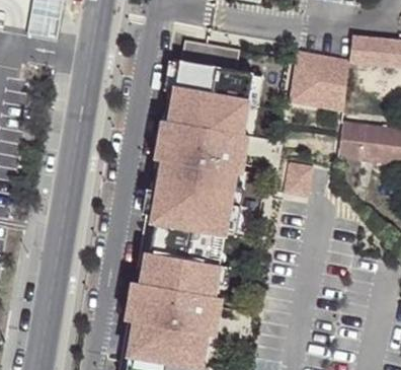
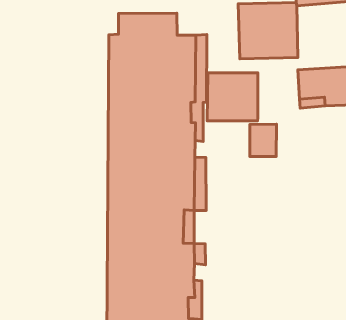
building: none -> [207,73,258,121]

